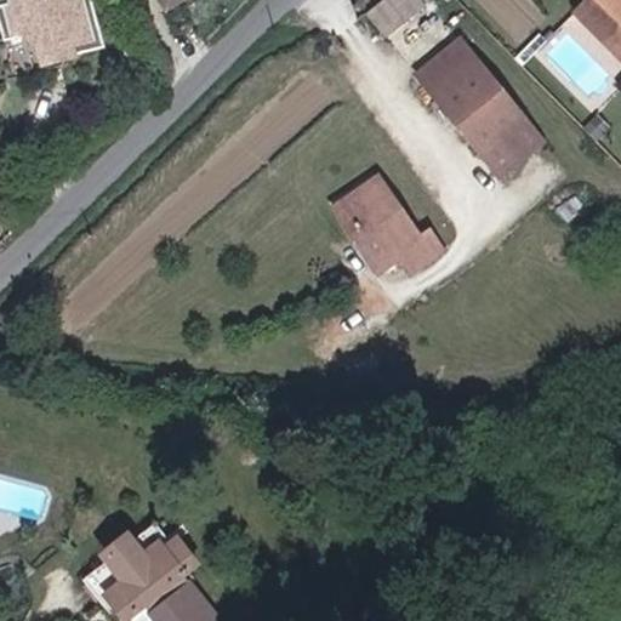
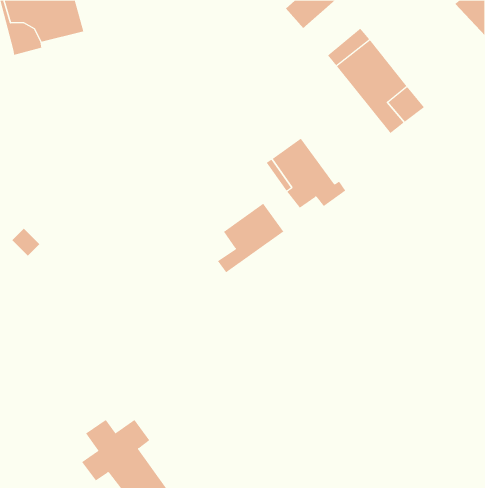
building: none -> [217,203,284,273]

